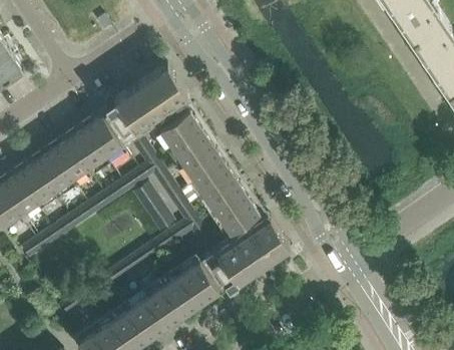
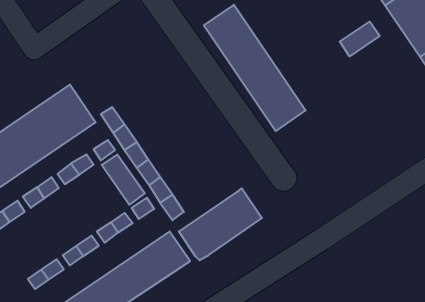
building: none -> [340,22,380,56]
building: [107,67,185,137] -> none
building: [158,108,258,232] -> [204,5,306,131]

